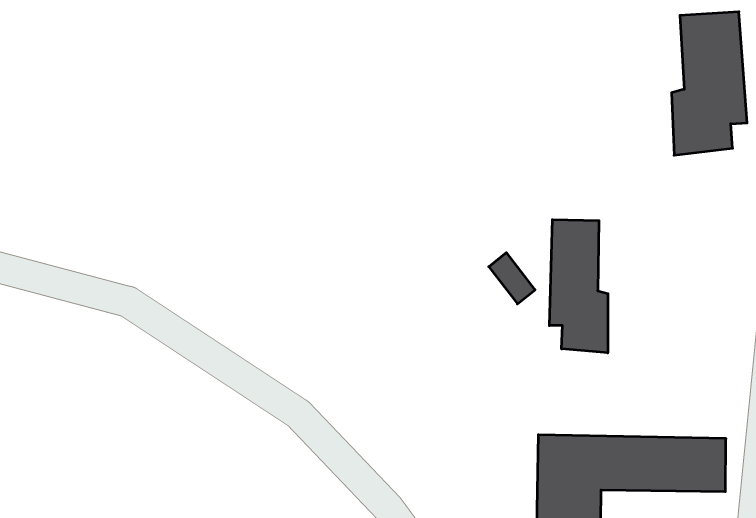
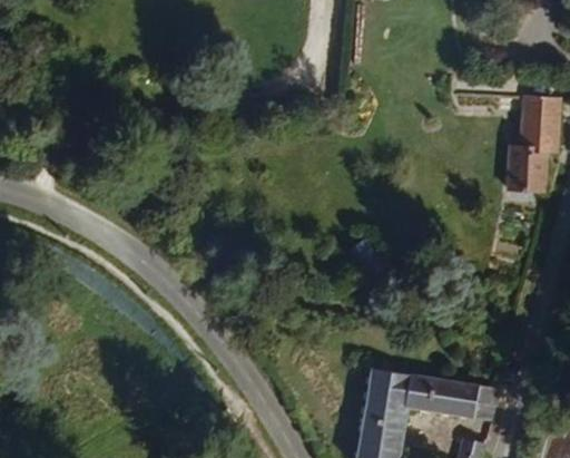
building: [549,220,608,353] -> none

